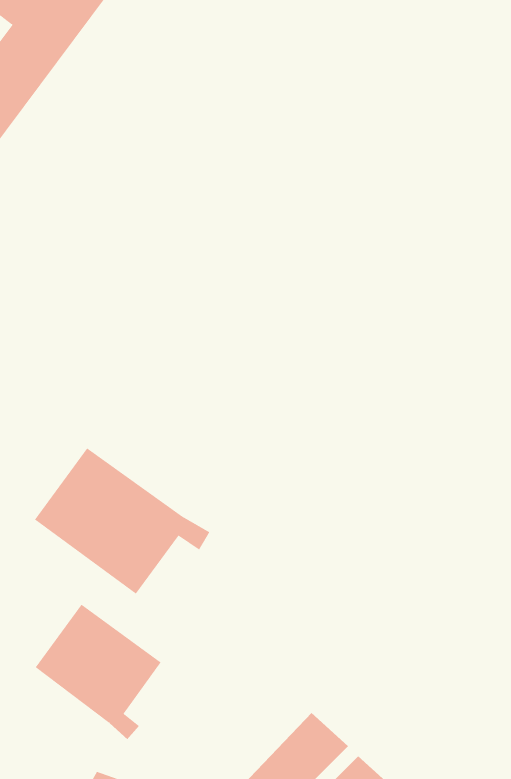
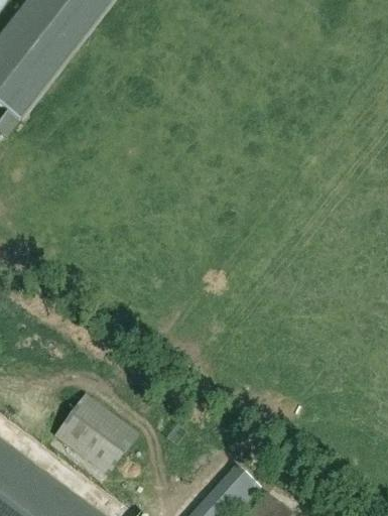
building: [34,448,210,594] -> none

